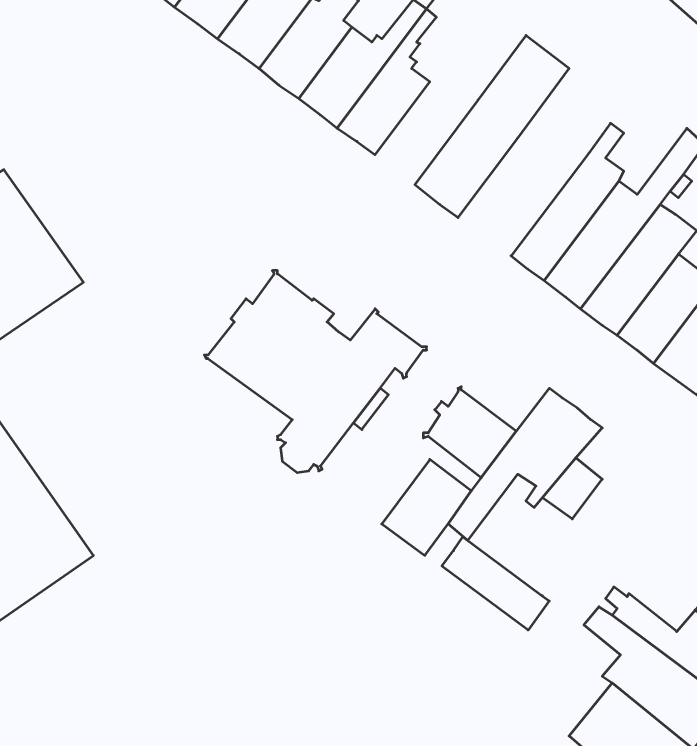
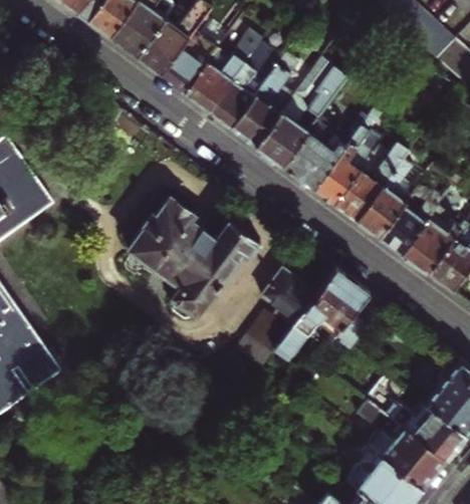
building: none -> [230,51,299,146]
building: none -> [280,117,360,189]
building: [442,537,549,630] -> none

